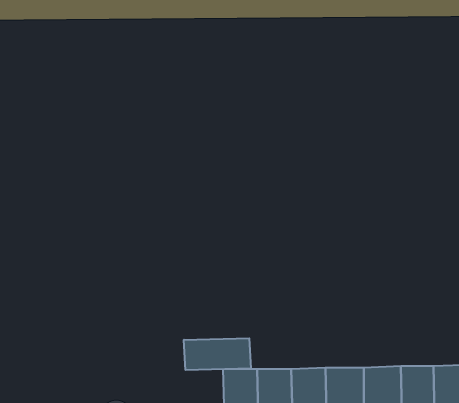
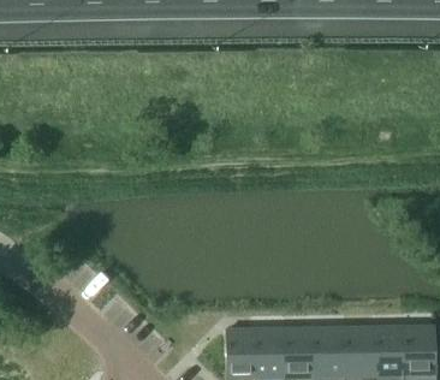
building: [184,338,251,370] -> none

